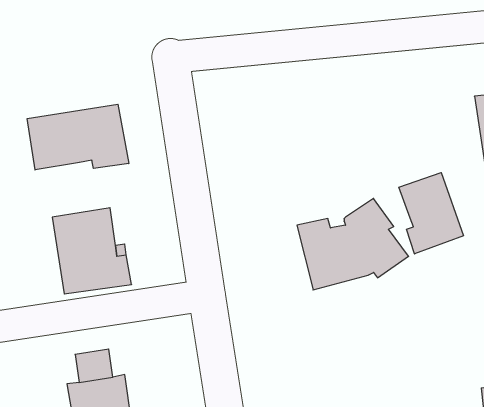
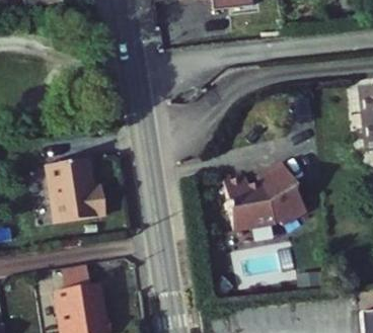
building: [27,104,129,170] -> none
building: [399,173,463,254] -> none

